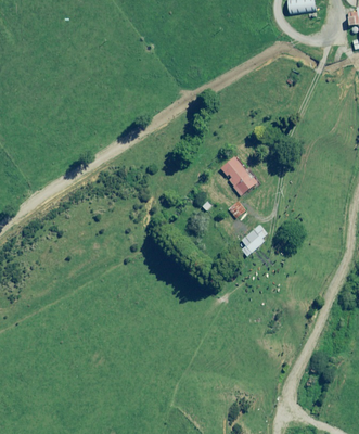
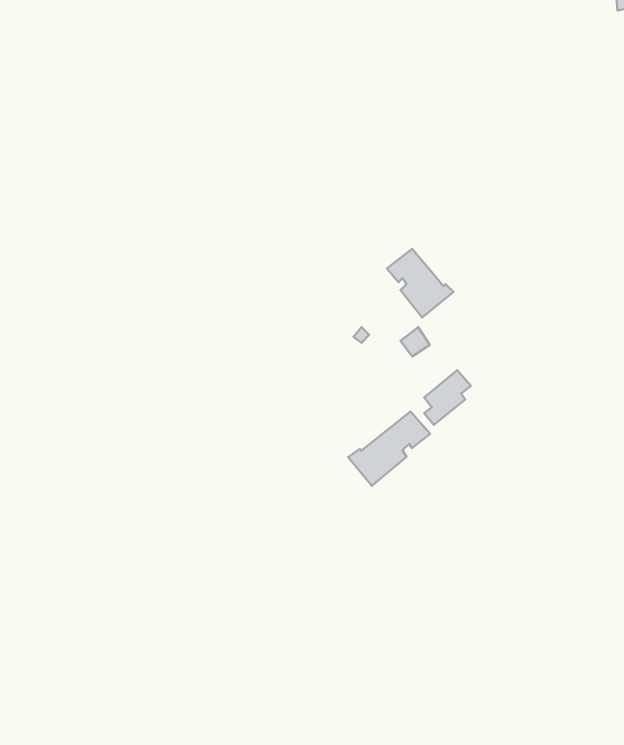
building: none -> [348,412,430,486]

